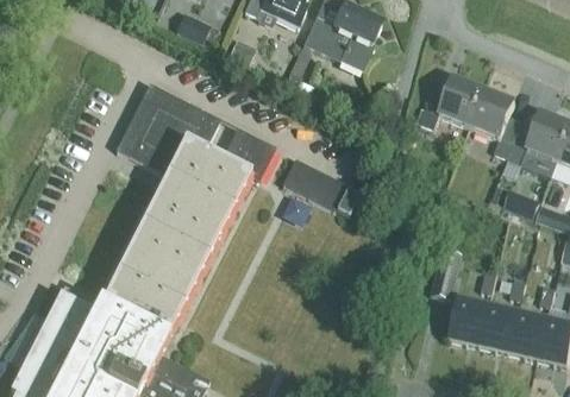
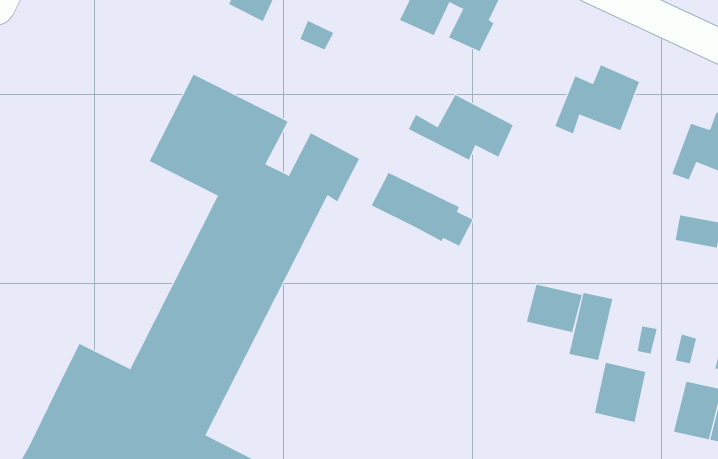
building: [470,92,522,160] -> none
building: none -> [408,94,514,161]
building: none -> [526,284,582,333]
building: [481,309,519,354] -> none

